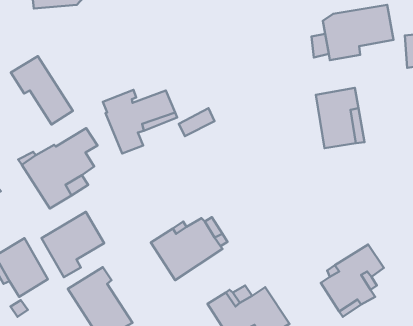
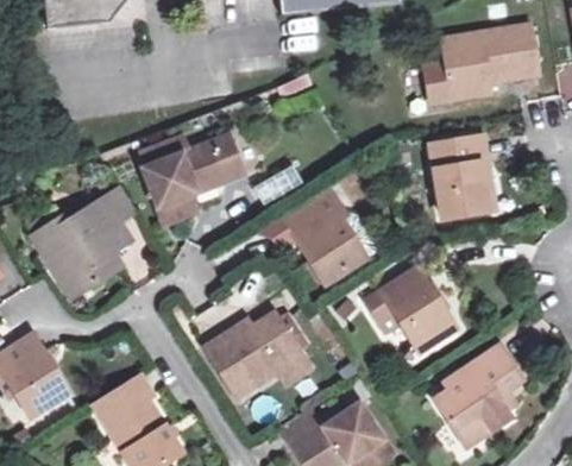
building: [11,56,73,124] -> none
building: none -> [285,191,367,284]
building: none -> [369,271,459,353]
building: [42,212,104,277] -> none

